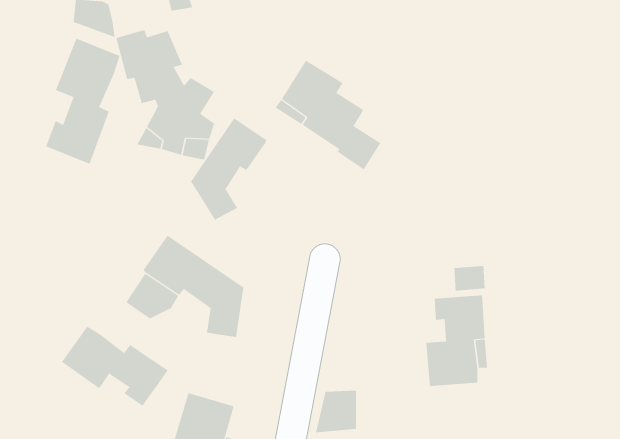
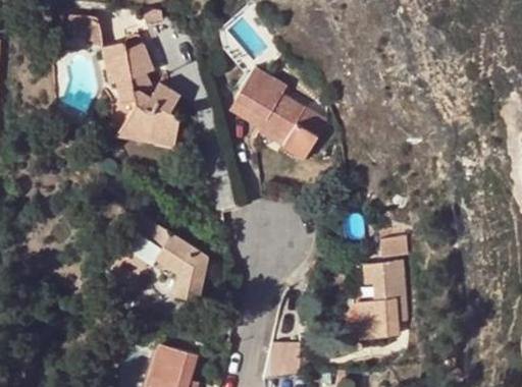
building: [46,38,120,165] -> none
building: [190,117,267,220] -> none
building: [61,326,169,407] -> none

